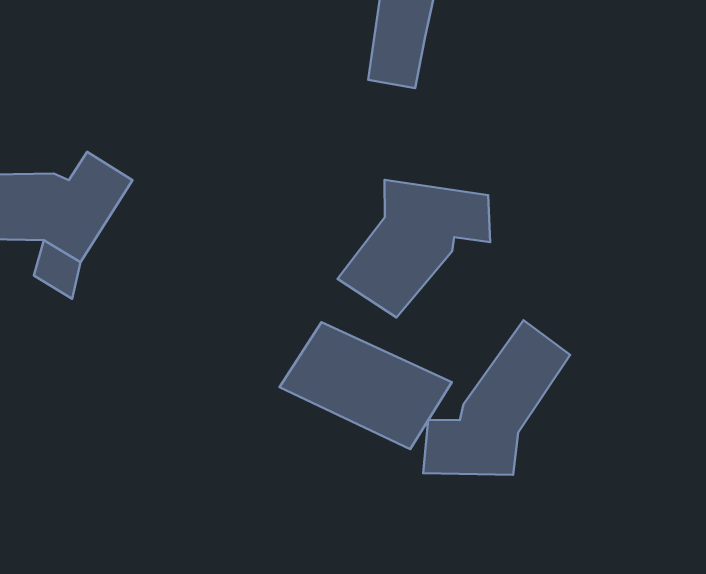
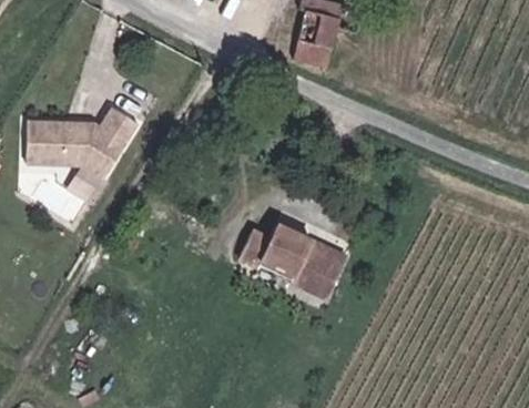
building: [337,180,490,317] -> none
building: [423,320,570,475] -> none

